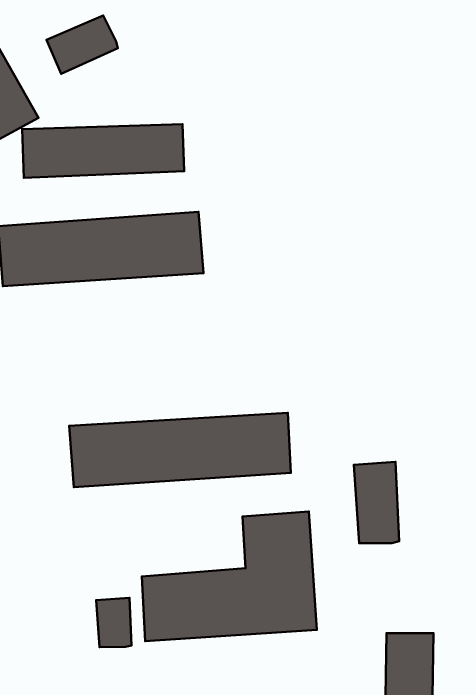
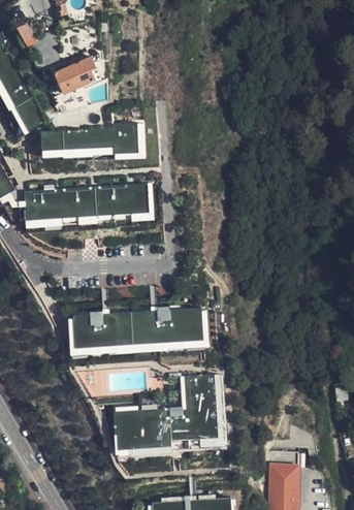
building: [354,462,399,543] -> none
building: [96,598,131,647] -> none

